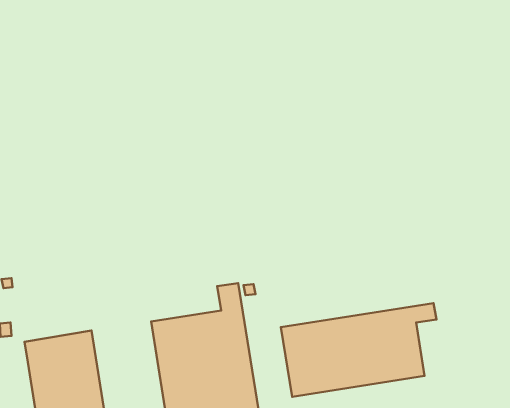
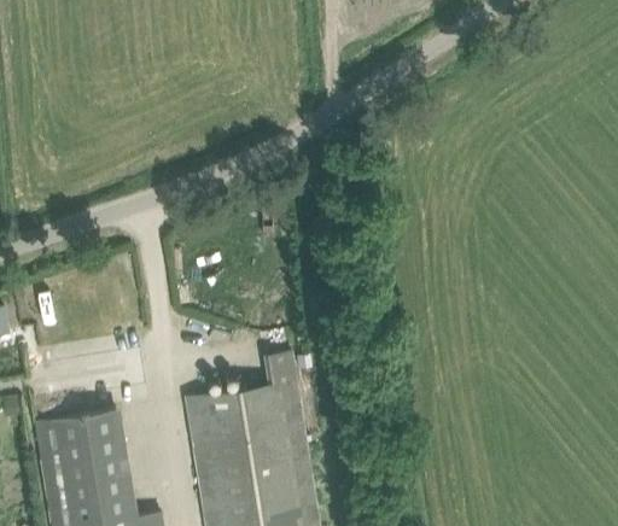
building: [281,303,436,397] -> none

